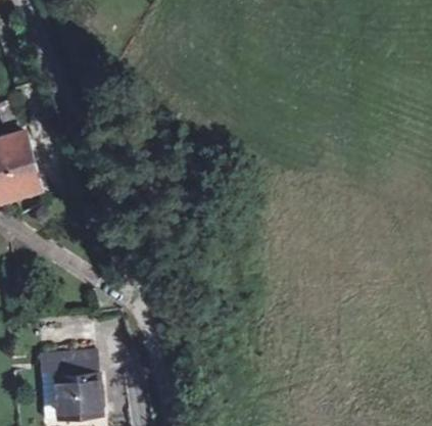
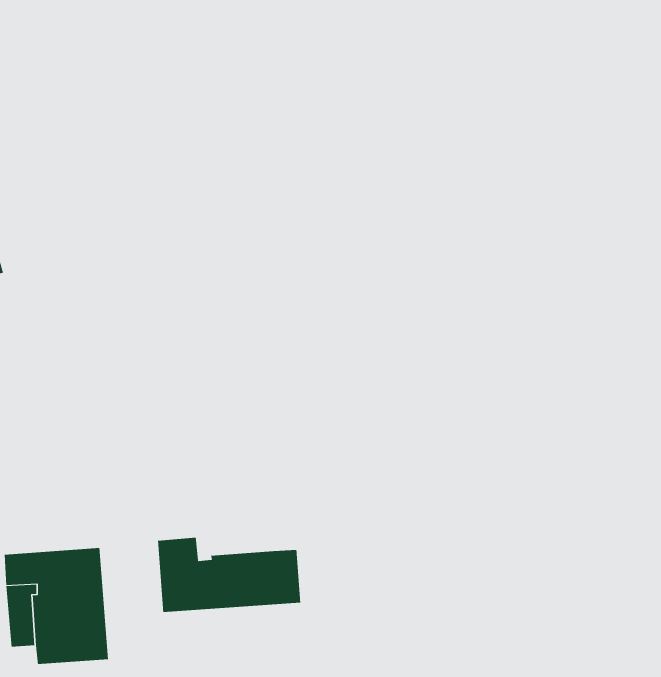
building: none -> [158,537,301,613]

